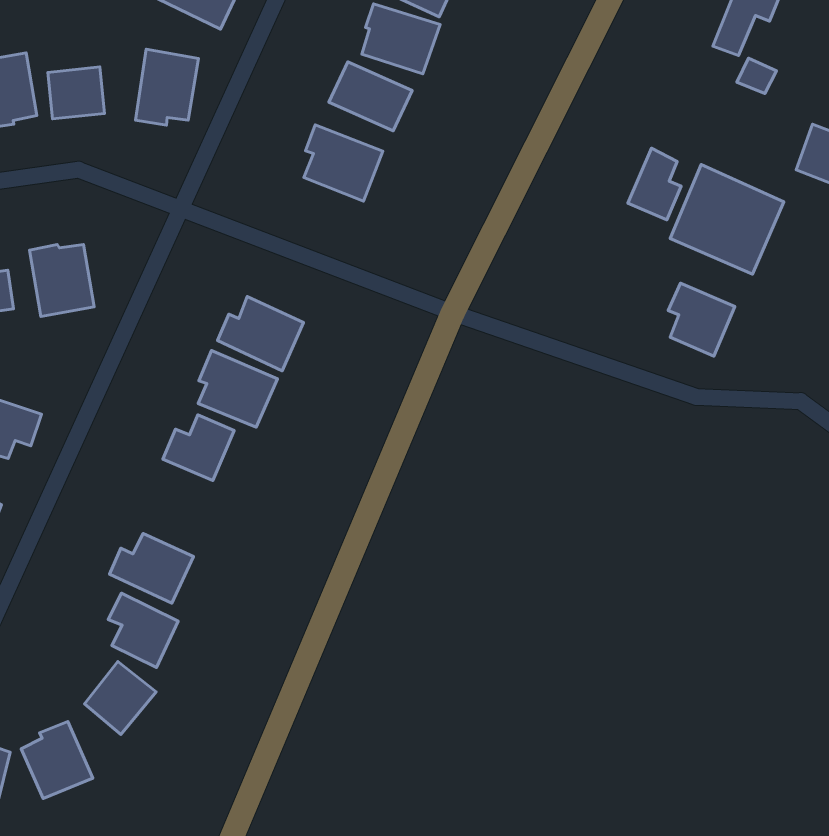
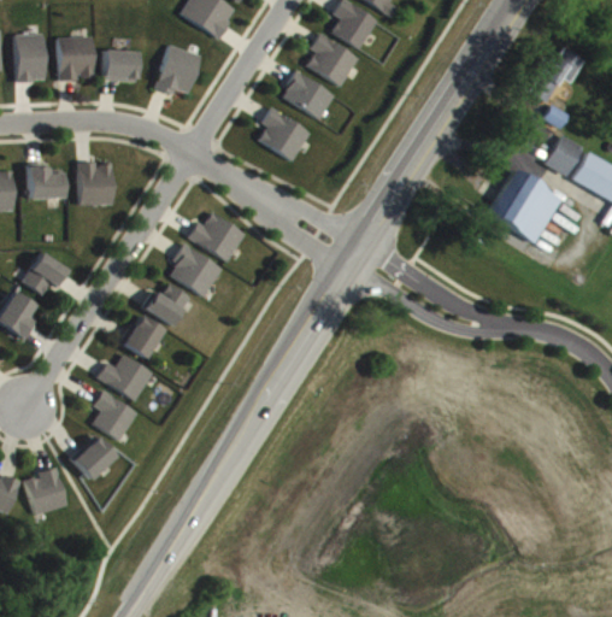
building: none -> [546,135,584,177]
building: [628,148,681,220] -> none
building: [668,283,735,356] -> none
building: none -> [122,315,163,359]

